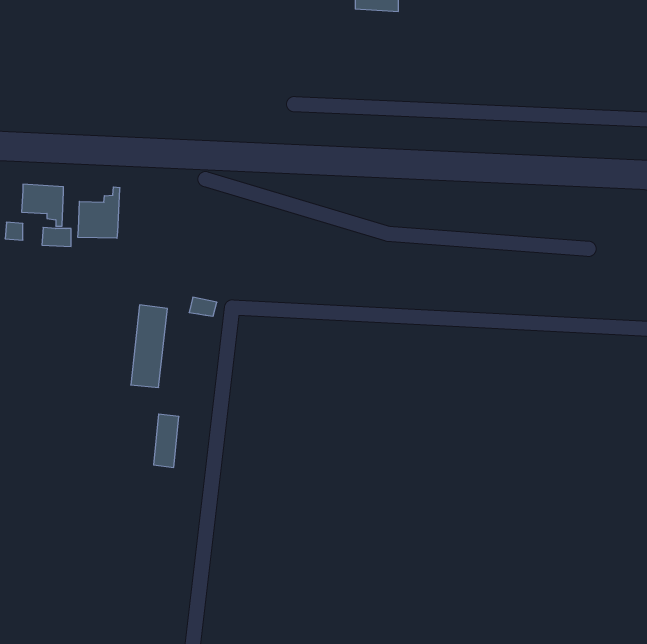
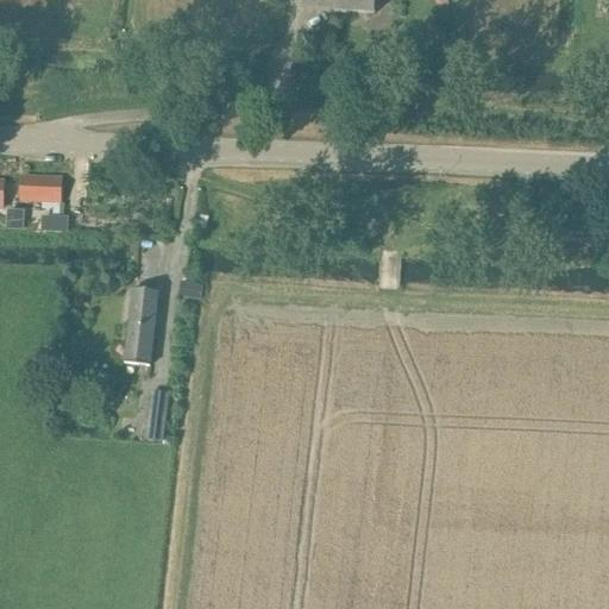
building: [78,187,120,238] -> none

